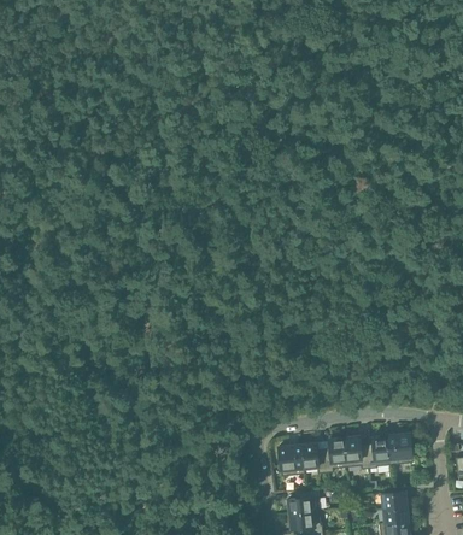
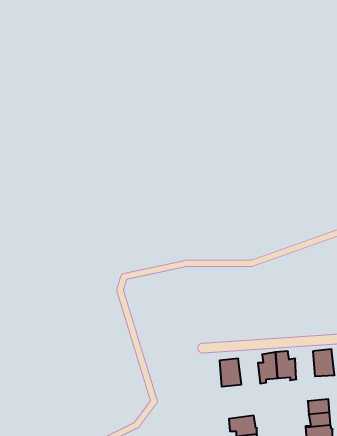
building: [368,435,391,468] -> none
building: [301,442,327,474] -> none
building: [288,488,320,513] -> none

